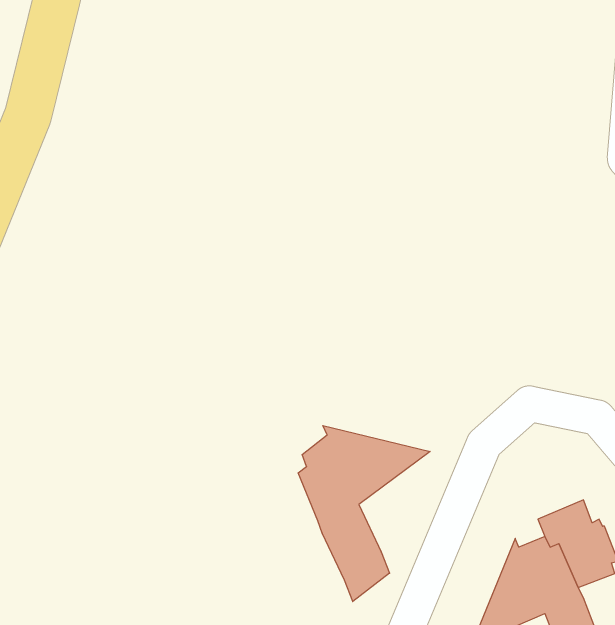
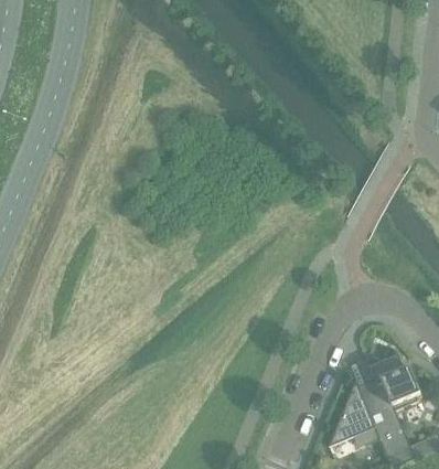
building: [298,426,430,602] -> none

